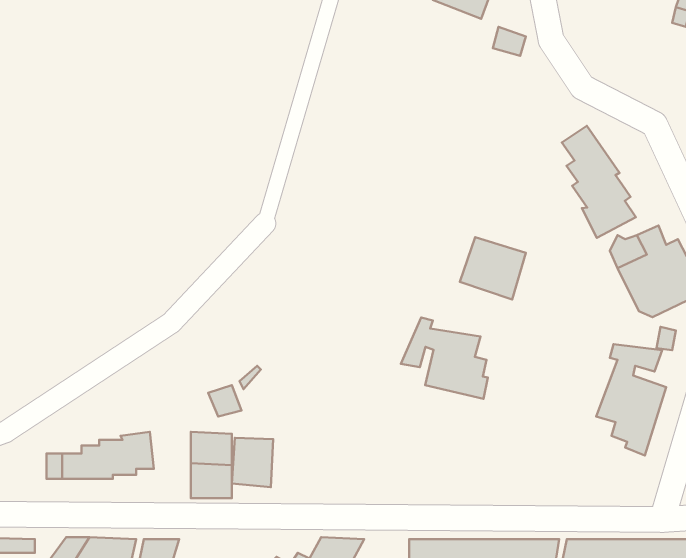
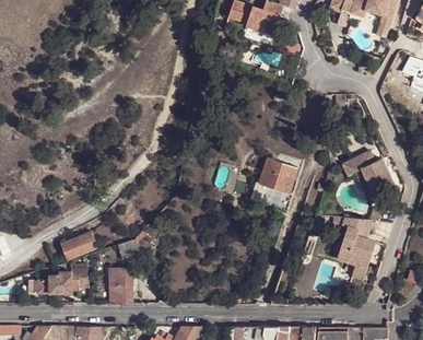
building: [562,126,636,238] -> none
building: [401,317,488,399] -> none
building: none -> [61,231,98,259]
building: [232,438,273,487] -> none

